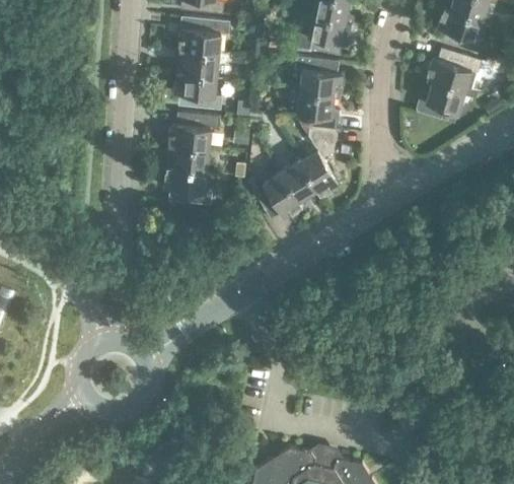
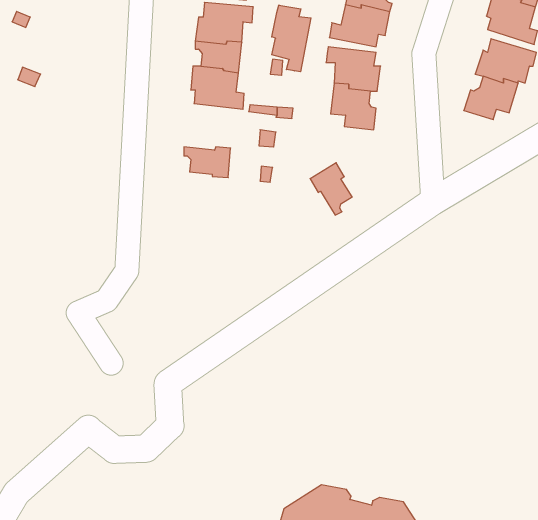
building: none -> [272,5,311,72]
building: [168,112,220,147] -> none
building: [304,126,341,195] -> none
building: [164,165,213,204] -> none
building: [249,172,303,217] -> none

